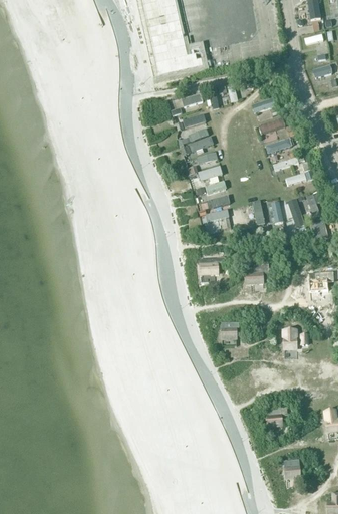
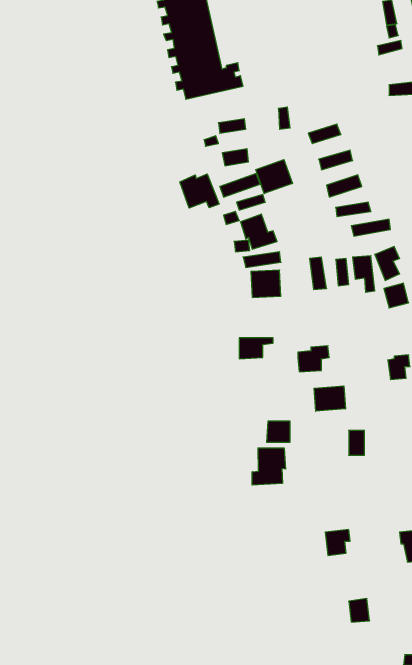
building: none -> [256,160,292,194]
building: none -> [180,174,219,208]
building: none -> [314,386,345,411]
building: none -> [252,448,285,485]

